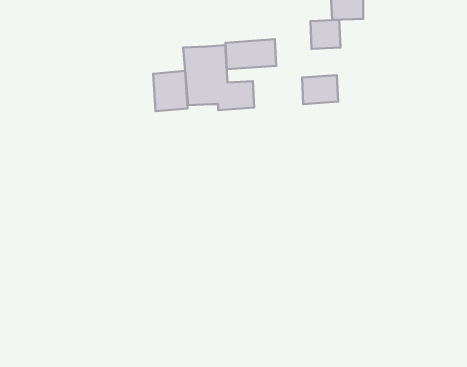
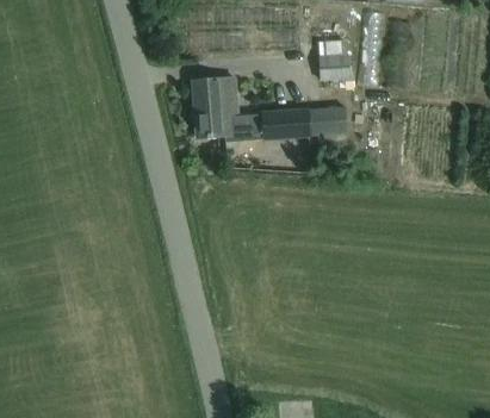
building: [226,39,276,69] -> [261,110,311,139]
building: [153,71,188,111] -> none

